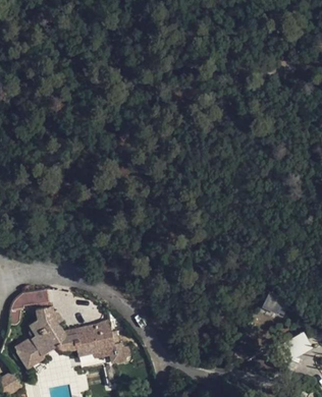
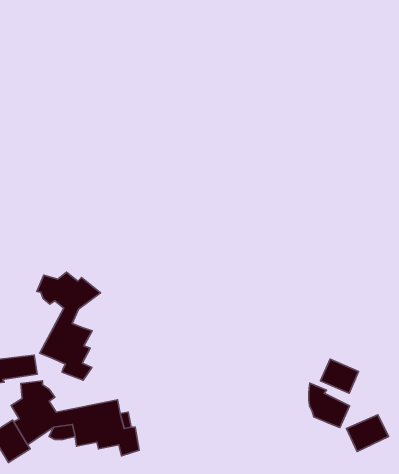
building: none -> [37,272,101,380]
building: none -> [309,383,350,428]

